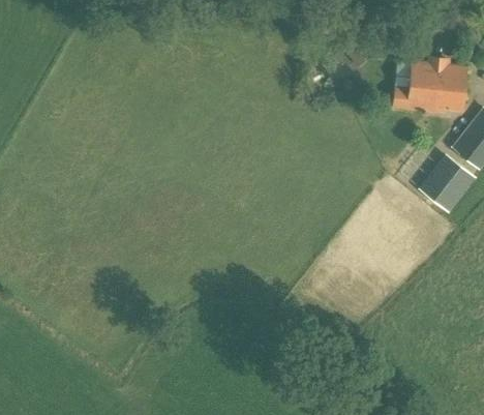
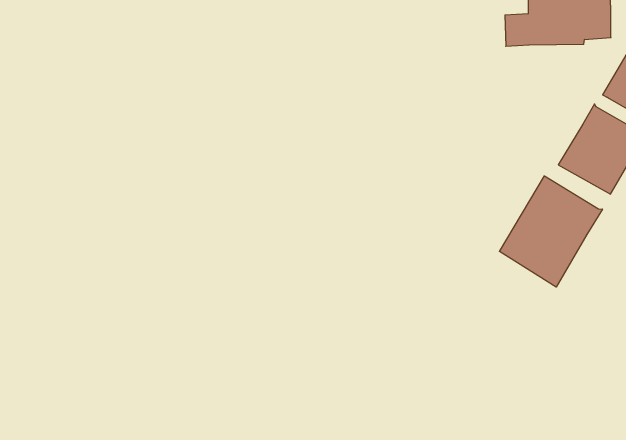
building: none -> [499,176,602,287]

